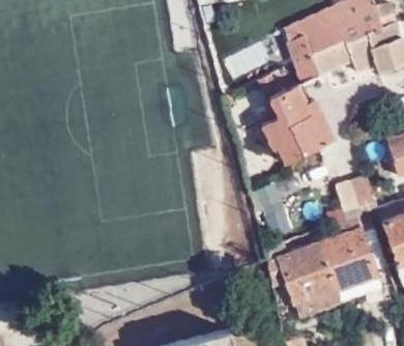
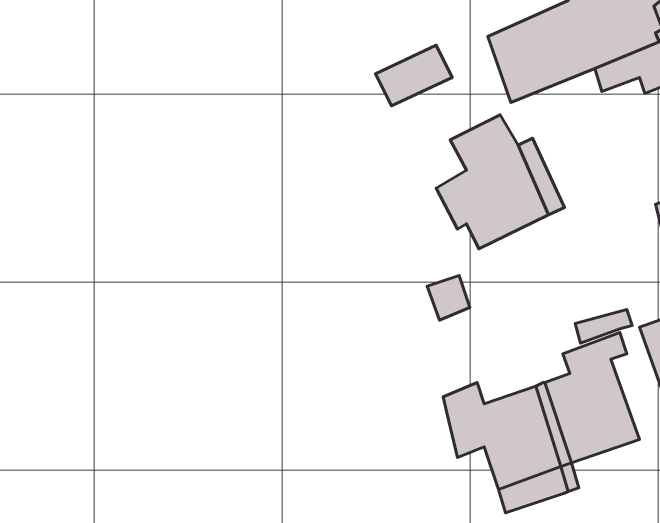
building: [334,174,371,207] -> none

